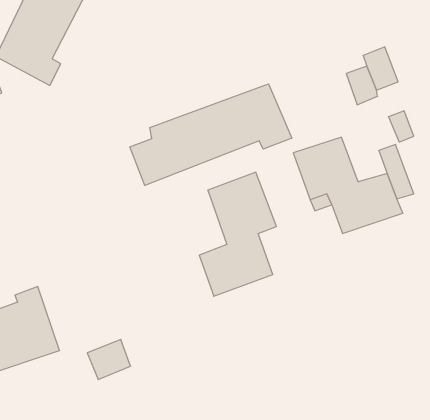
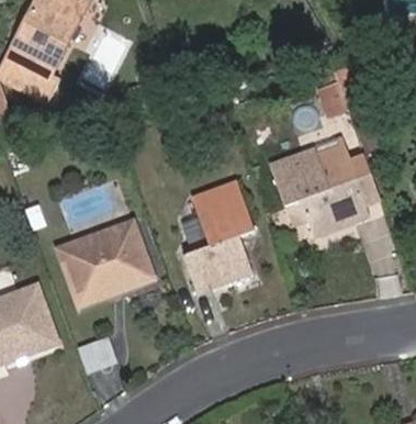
building: [130,84,292,185] -> none
building: none -> [314,138,356,189]
building: none -> [58,221,154,305]

